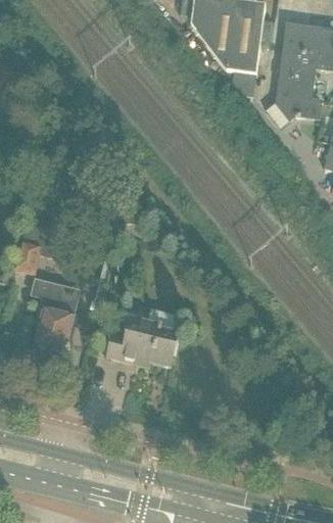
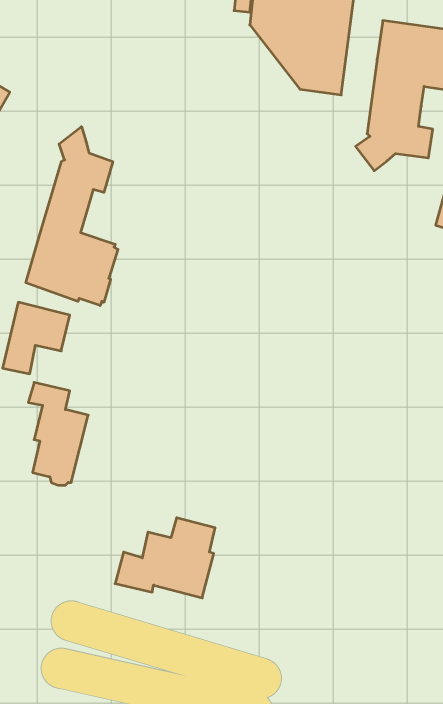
building: none -> [26,127,118,306]
building: [107,307,179,365] -> [115,518,215,598]

